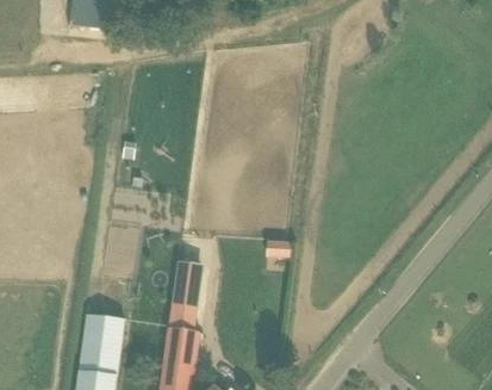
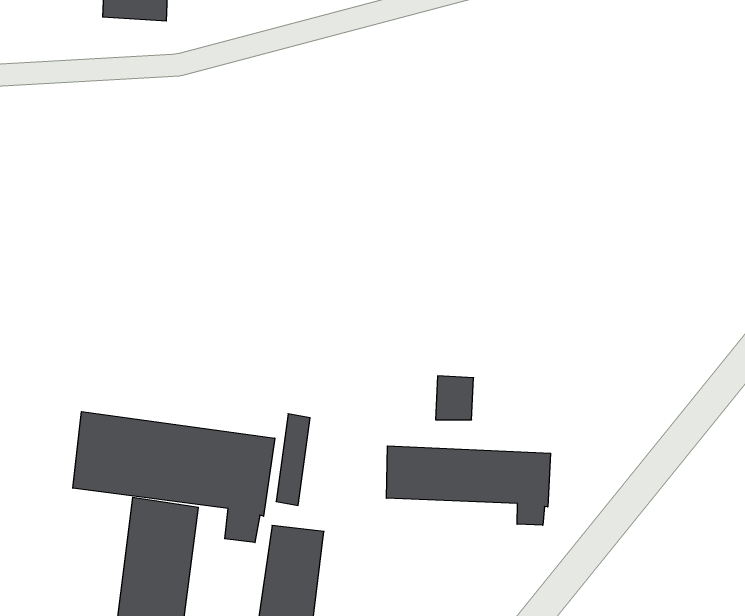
building: none -> [73,412,275,543]
building: none -> [386,446,551,525]

